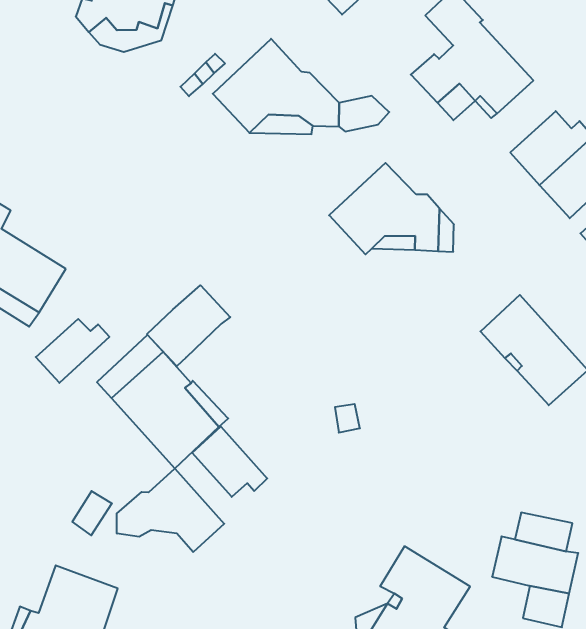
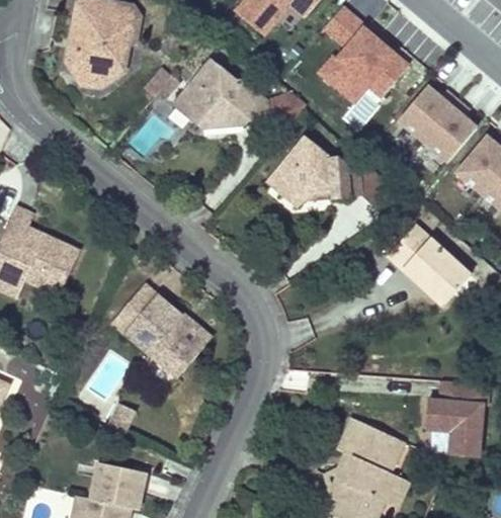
building: [147,285,230,366] -> none
building: [36,319,109,383] -> none
building: [192,426,267,497] -> none
building: [117,468,224,552] -> none

